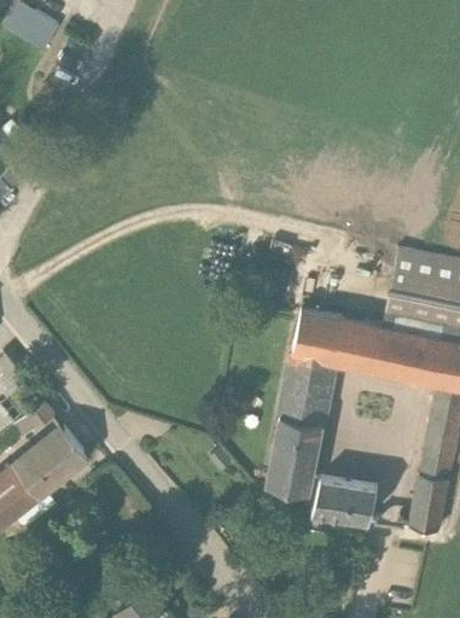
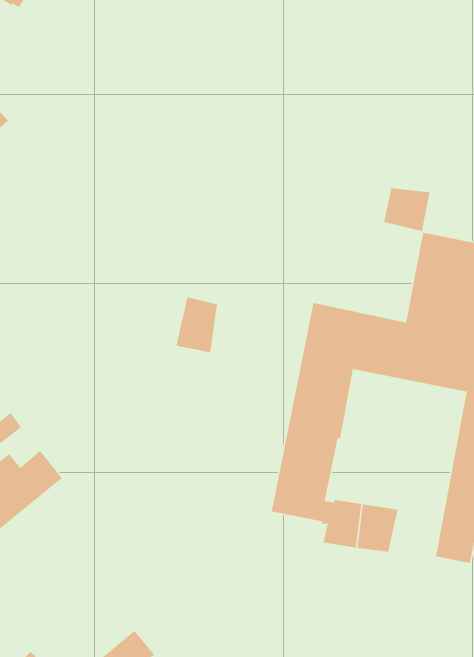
building: none -> [383,187,430,232]
building: none -> [176,297,218,353]

